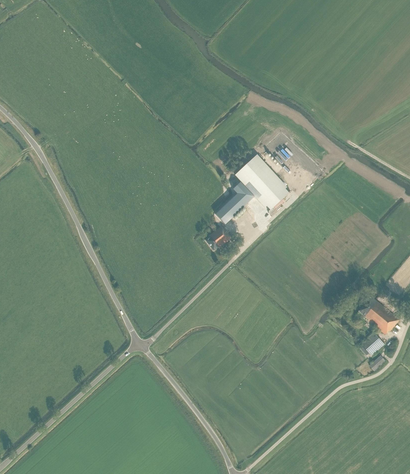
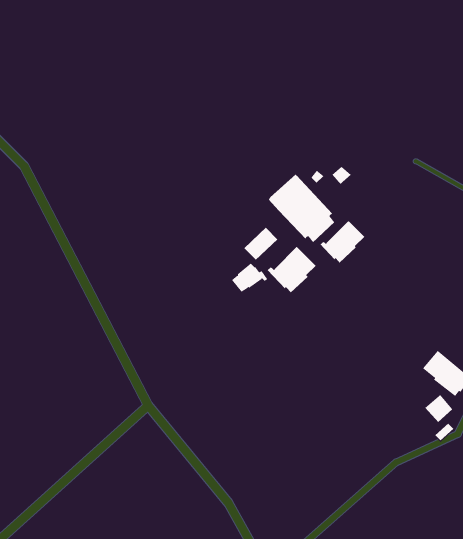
building: none -> [319,220,365,263]
building: none -> [267,245,317,293]

